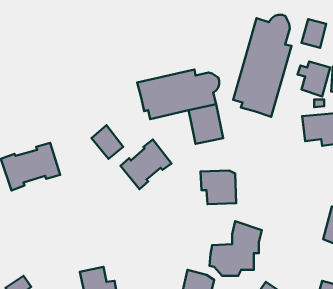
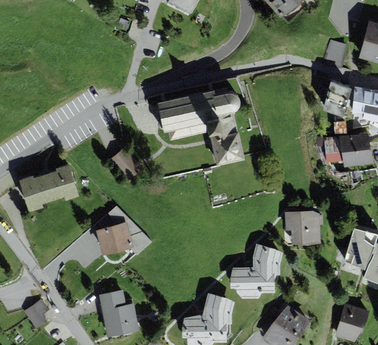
building: [233,15,291,117] -> none
building: [120,140,171,189] -> none
building: [200,170,236,204] -> [285,210,321,244]
building: none -> [96,221,133,254]

